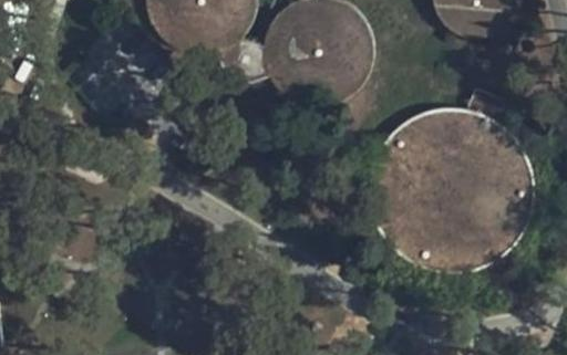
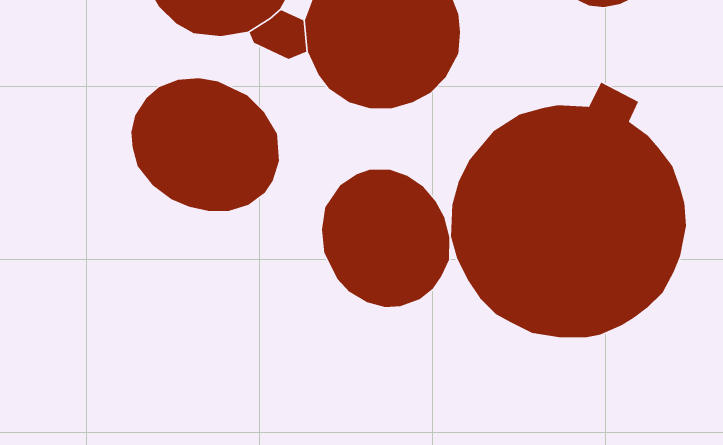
building: none -> [131,77,280,212]
building: none -> [321,169,450,308]

